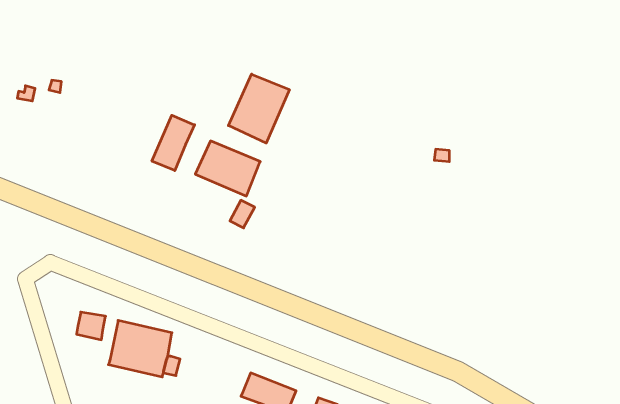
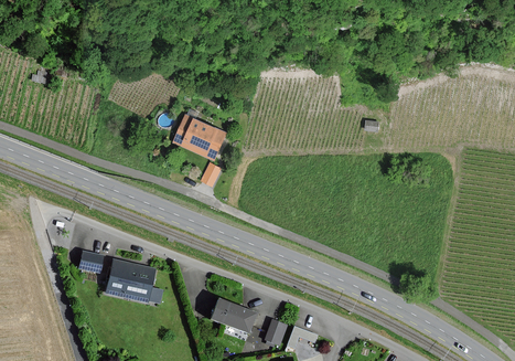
building: [228,74,289,143] -> none
building: [152,115,195,171] -> none

